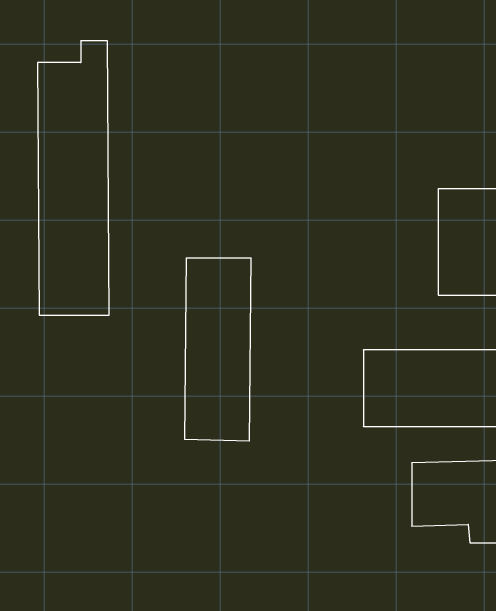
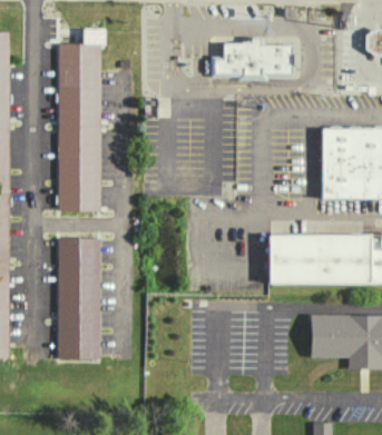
building: none -> [213,38,297,81]
building: [185,258,251,441] -> [58,239,102,362]

